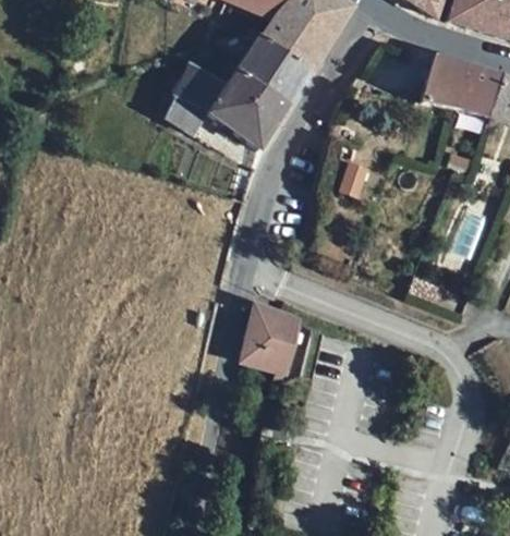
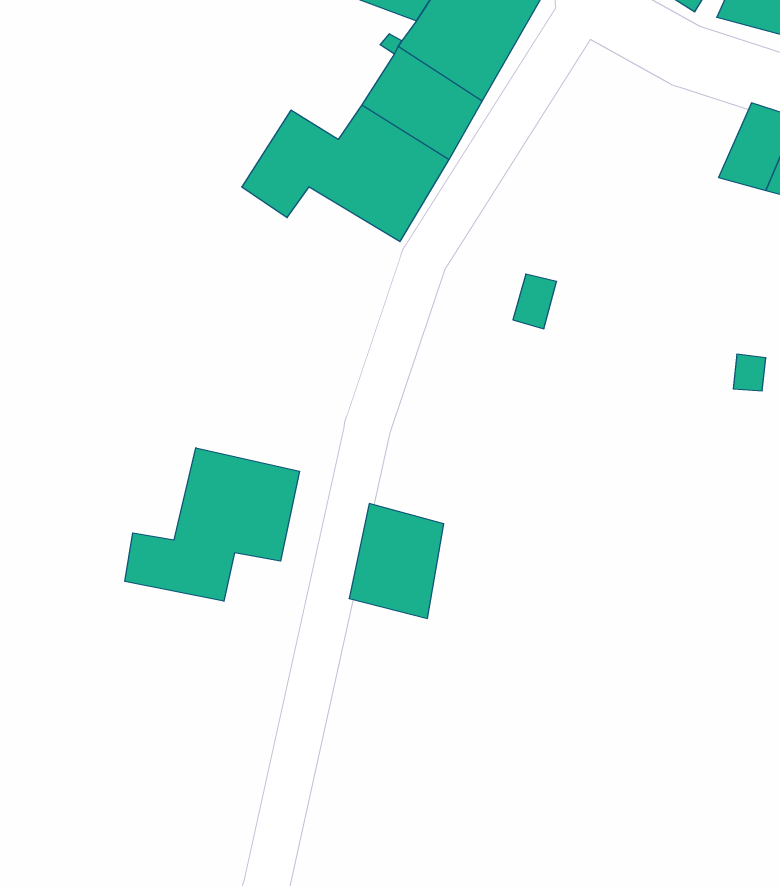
building: [417,53,473,109] -> none
building: none -> [125,448,299,601]

